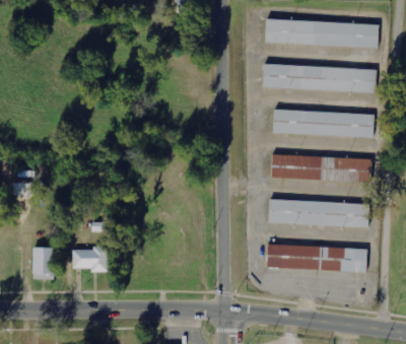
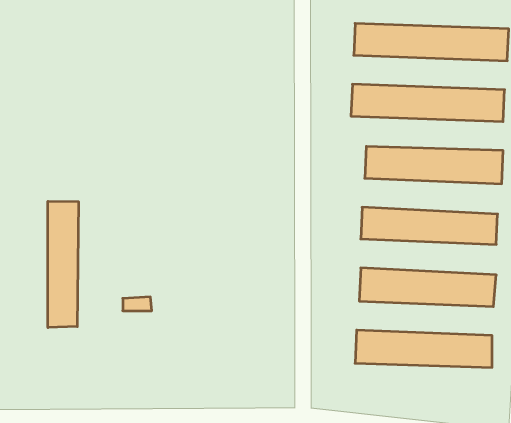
building: none -> [48,201,78,328]
building: [35,247,58,274] -> none
building: [75,247,110,271] -> none

